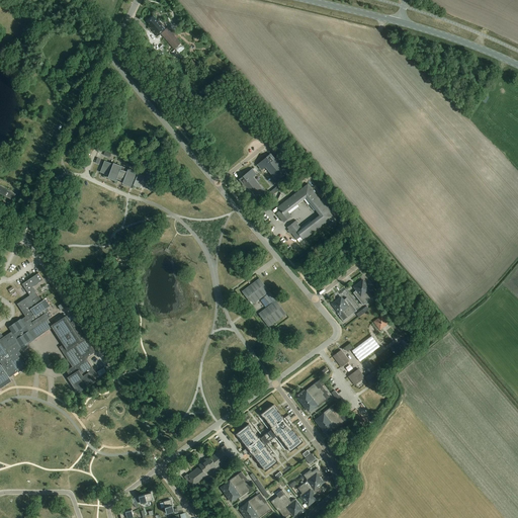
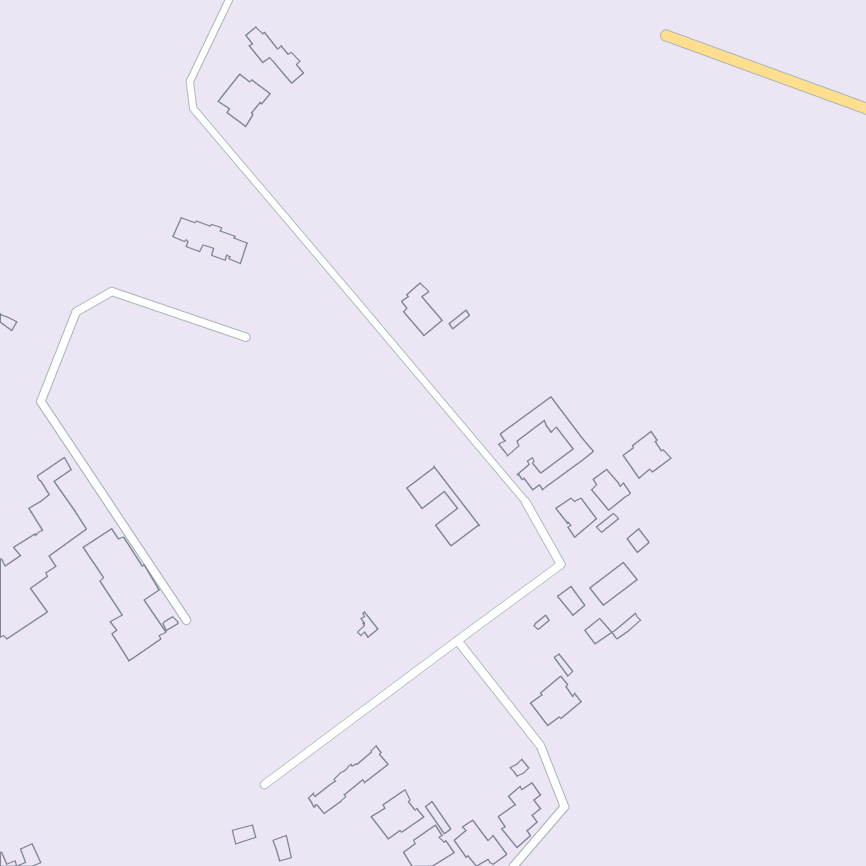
building: none -> [218,74,270,127]
building: [257,155,287,181] -> none
building: [99,161,144,188] -> [173,218,247,264]
building: [276,184,333,240] -> [499,397,593,490]
building: none -> [623,431,671,478]
building: [297,379,330,411] -> none
building: [236,405,304,471] -> none

